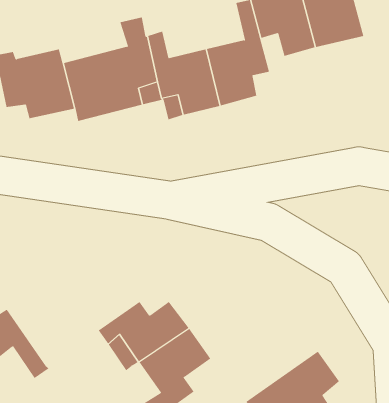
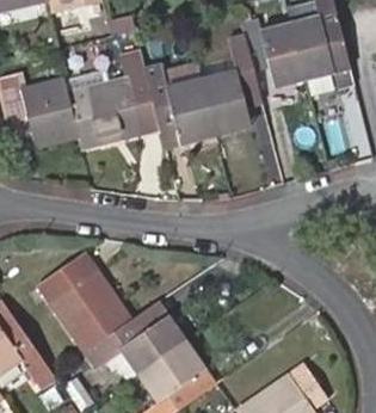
building: none -> [39,264,131,353]

